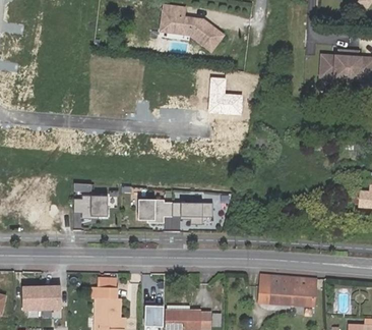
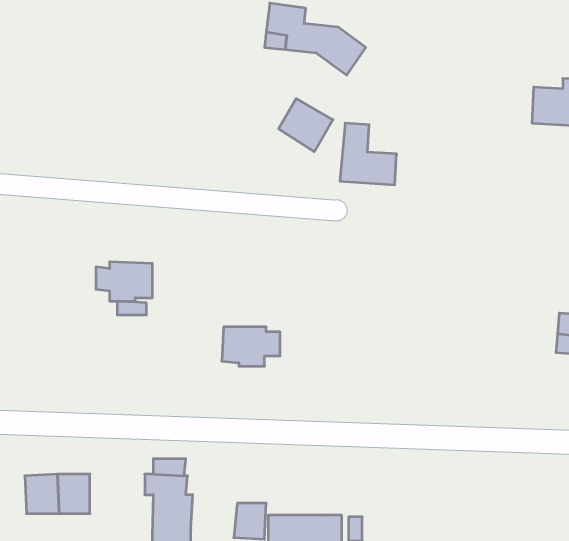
building: none -> [279,99,333,152]
building: [76,196,110,219] -> [96,262,152,301]
building: [173,202,213,224] -> none
building: [259,274,323,306] -> none

